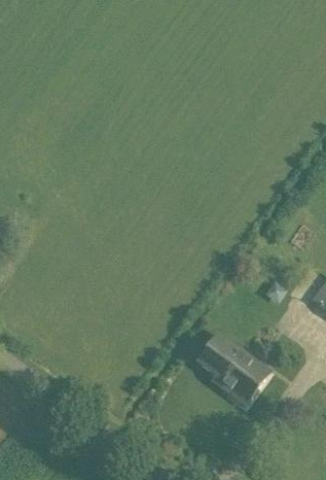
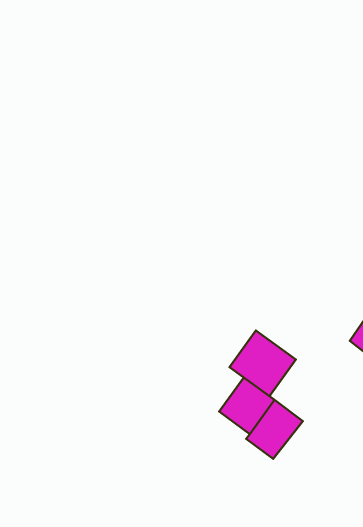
building: none -> [229,330,296,396]

